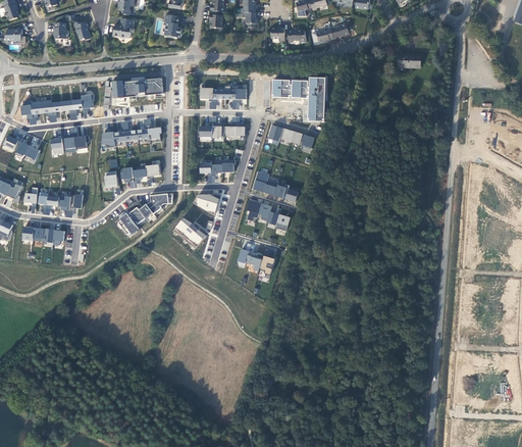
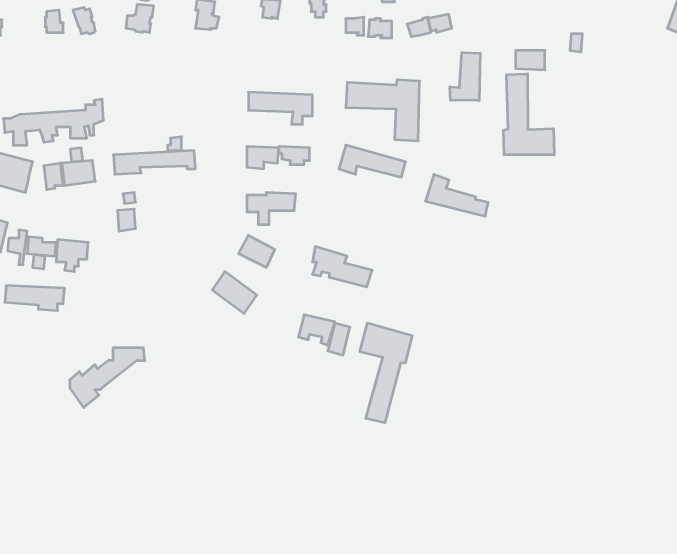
building: none -> [450,53,480,101]
building: none -> [503,74,554,155]
building: [112,75,164,95] -> none
building: [122,162,162,186] -> none
building: [253,168,299,199] -> [425,175,488,216]
building: [119,192,174,236] -> [70,348,145,408]
building: none -> [360,323,412,423]

